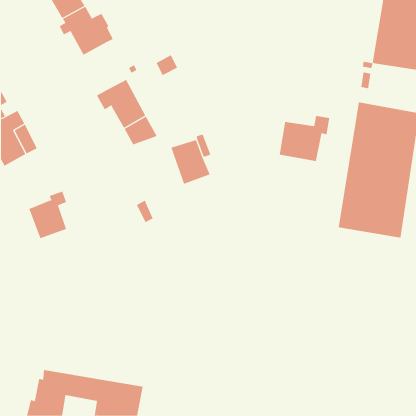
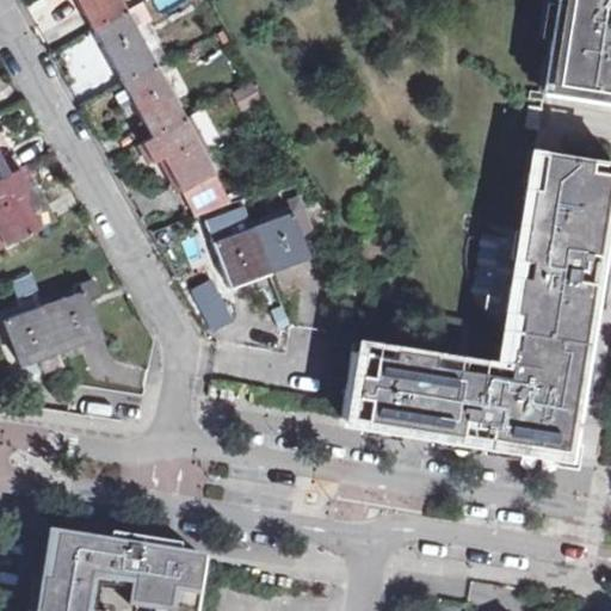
building: none -> [116,62,186,135]
building: [279,115,330,162] -> none
building: none -> [212,216,270,284]
building: none -> [6,306,60,364]
building: none -> [340,333,588,455]

